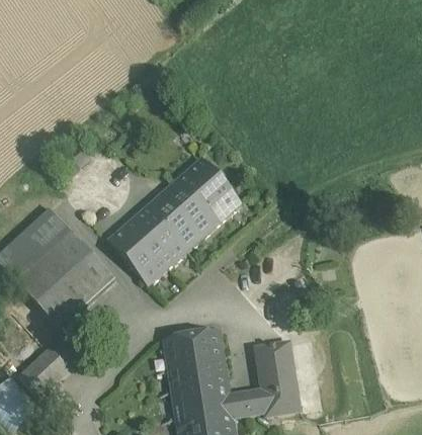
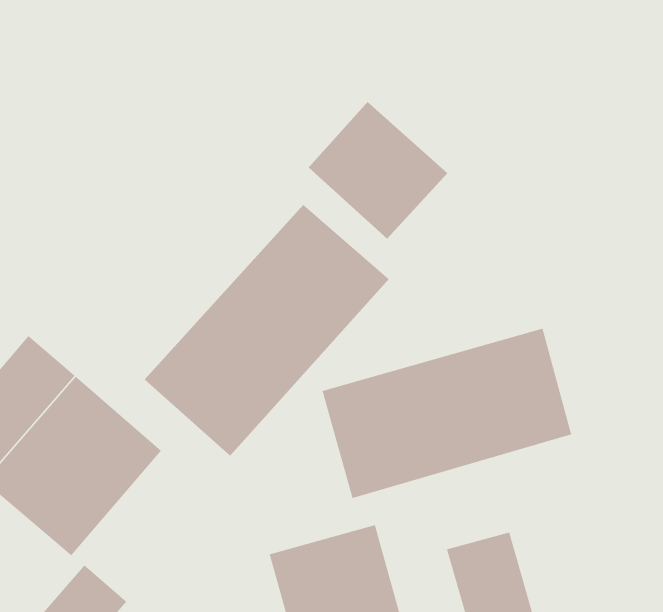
building: none -> [308,101,448,240]
building: none -> [322,328,572,499]

